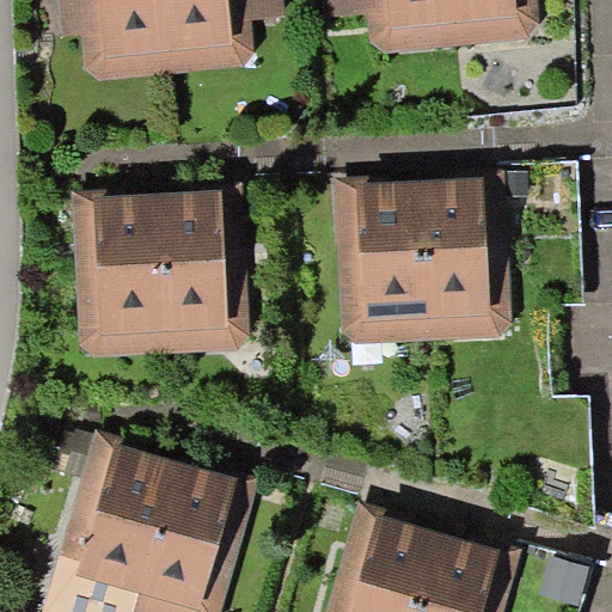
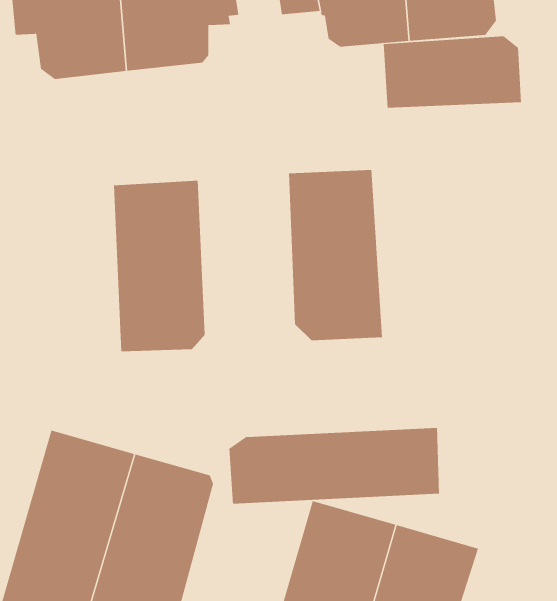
building: none -> [383,36,522,108]
building: [415,167,507,339] -> none
building: [72,188,164,357] -> none
building: none -> [229,427,440,504]

